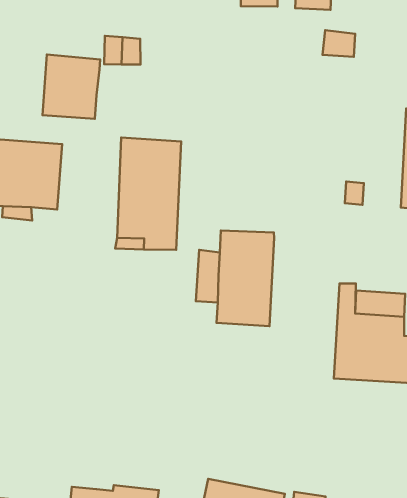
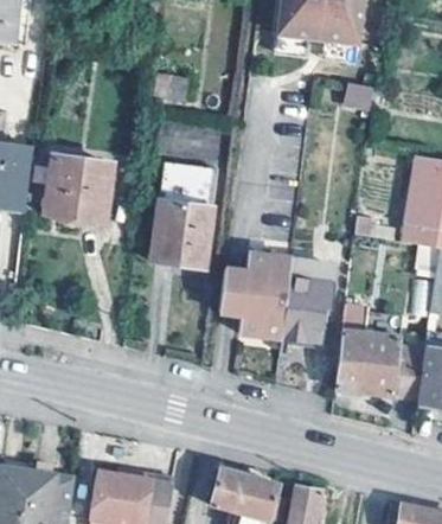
building: [42,54,100,119] -> none
building: none -> [280,261,332,349]

